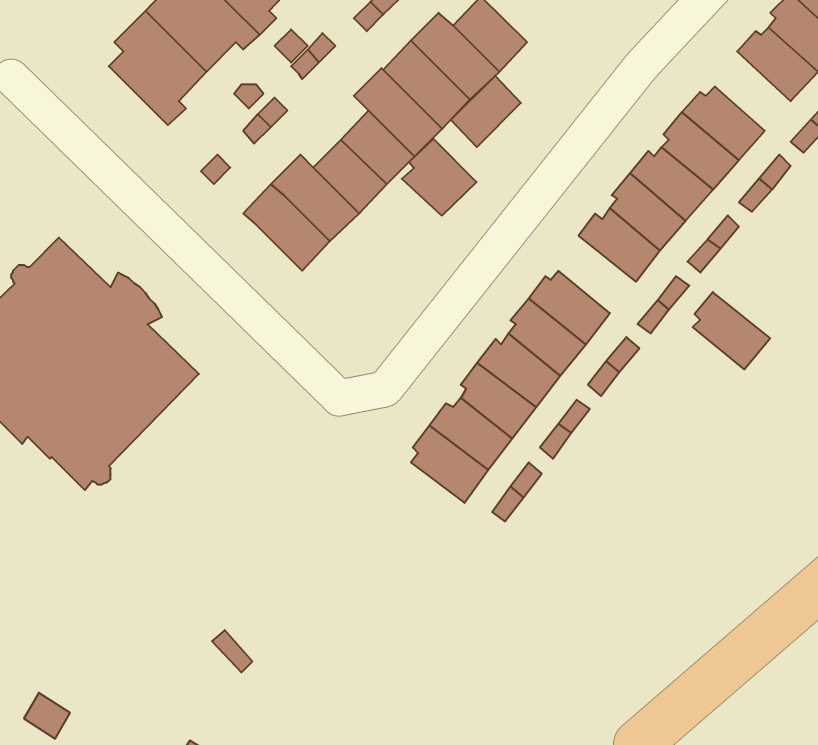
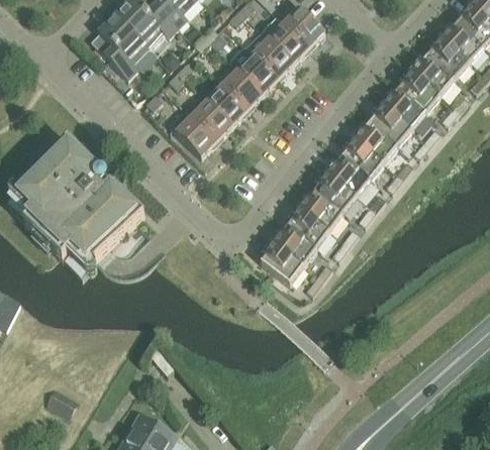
building: none -> [428,36,470,80]
building: [451,76,521,147] -> none
building: [402,139,477,216] -> none
building: [693,292,770,369] -> [342,137,385,180]

